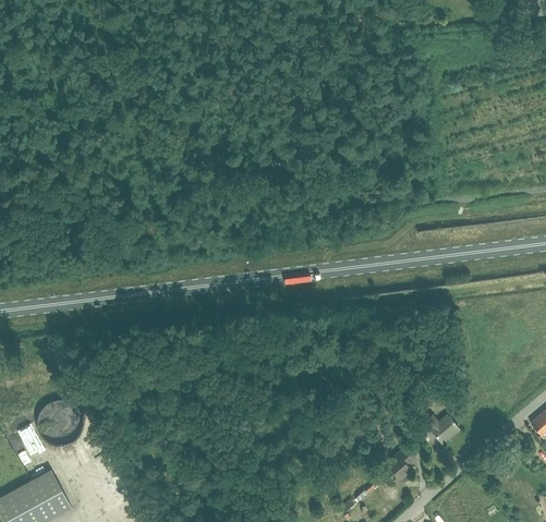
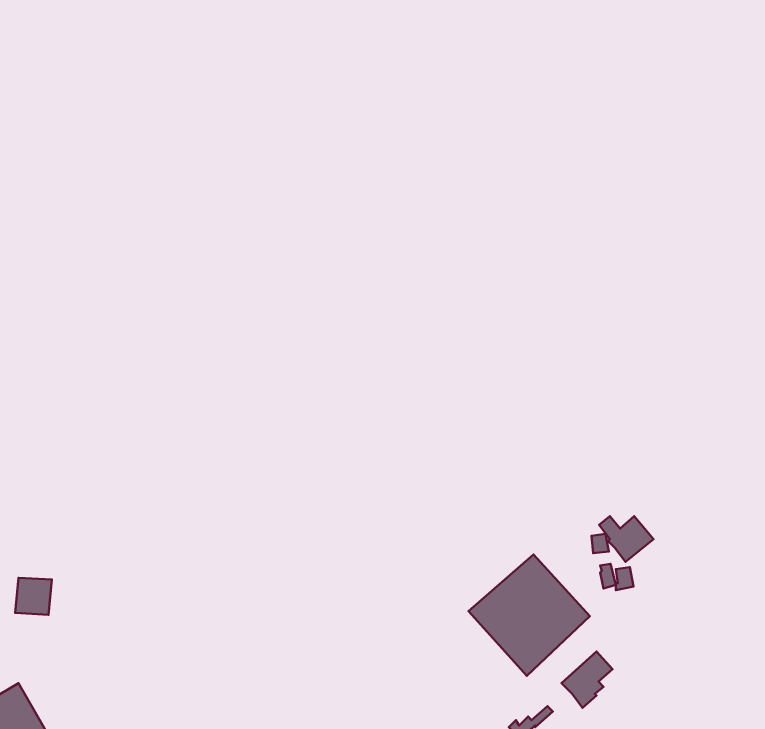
building: none -> [469,554,590,676]
building: [425,417,459,446] -> [599,516,654,562]

